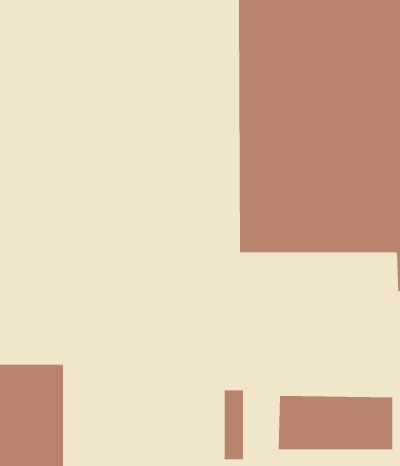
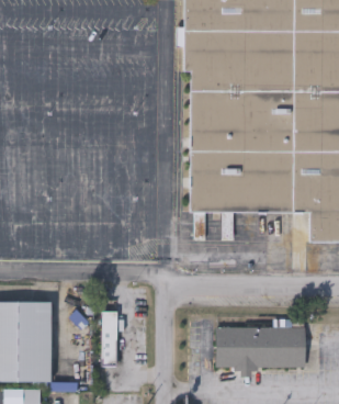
building: [224,390,244,460] -> [103,308,118,362]

